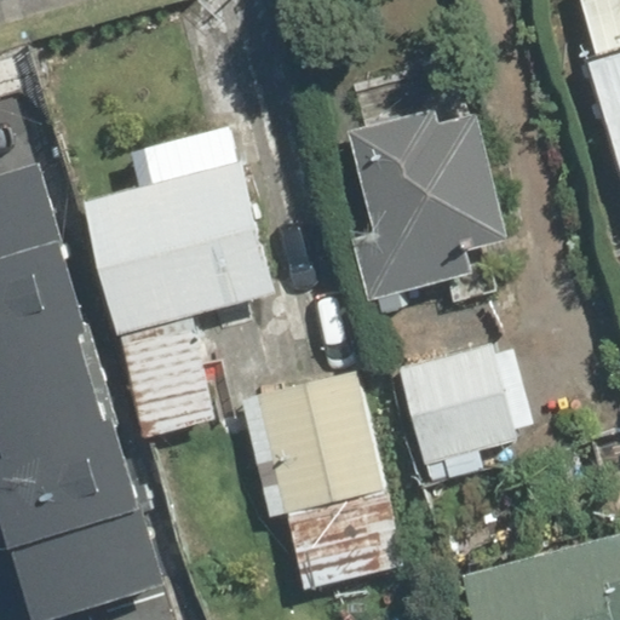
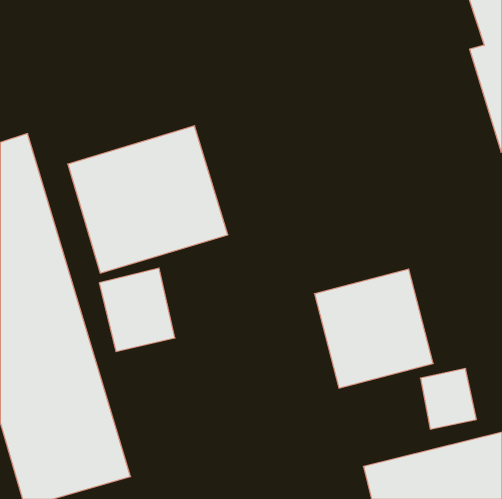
building: [350,103,505,303] -> none
building: [251,369,407,591] -> none

